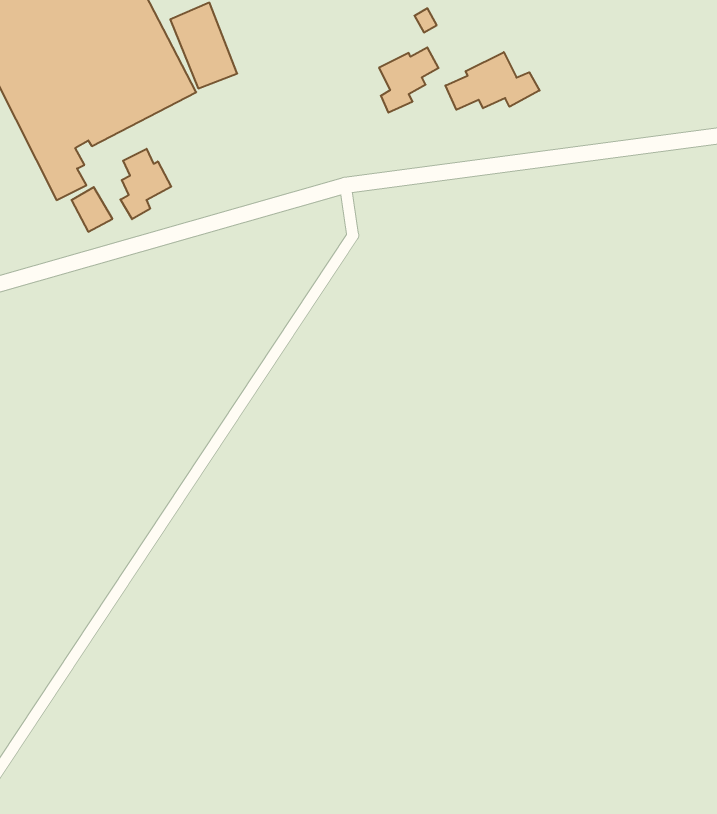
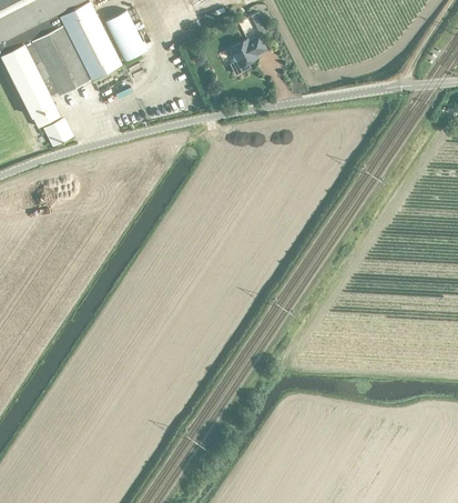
building: [445,52,540,110] -> none
building: [120,149,171,219] -> none

